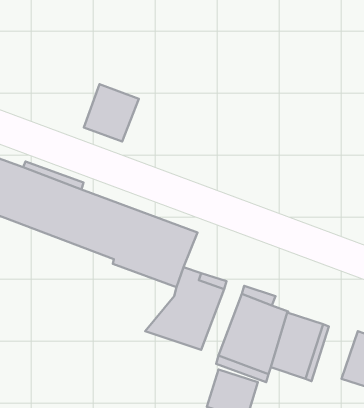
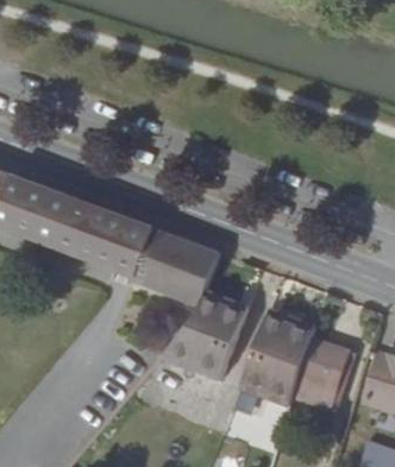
building: [84,84,139,141] -> none

